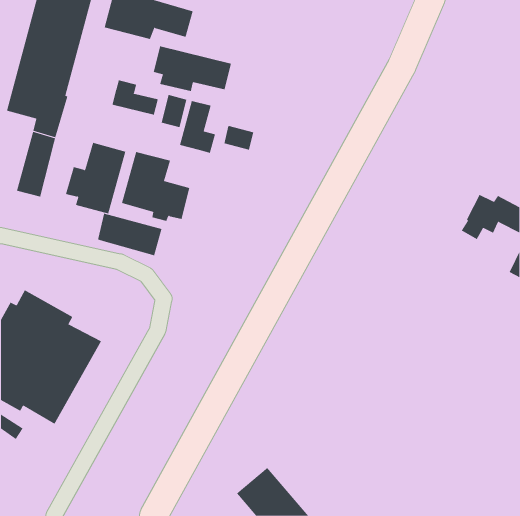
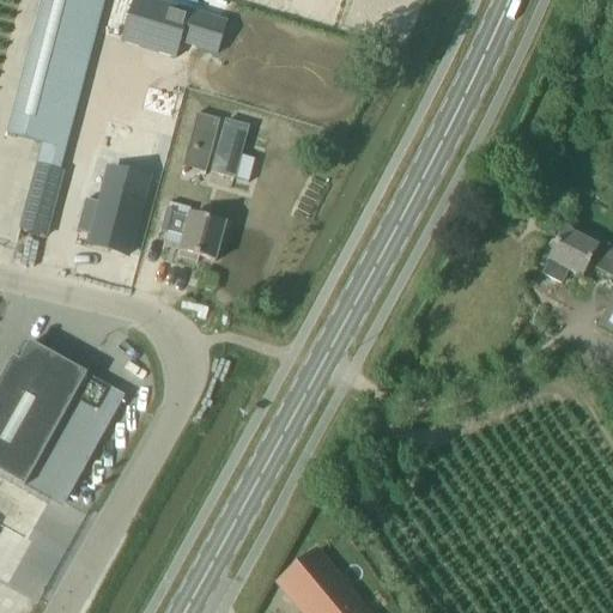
building: [153,45,232,92] -> none
building: [112,80,159,115] -> none
building: [224,125,254,151] -> none
building: [97,213,162,256] -> none

